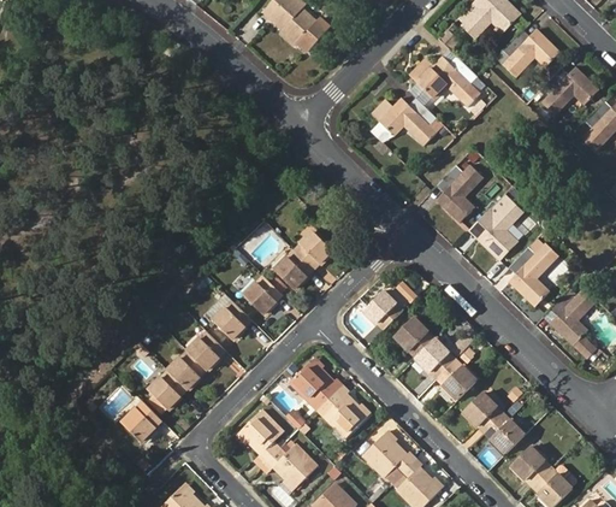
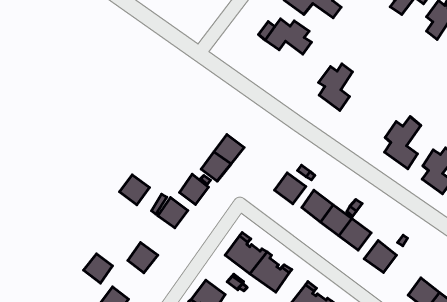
building: [469,195,522,259] -> none
building: [186,331,225,370] -> [119,175,150,205]
building: [148,371,185,408] -> [83,254,113,283]
building: [485,413,525,454] -> none

